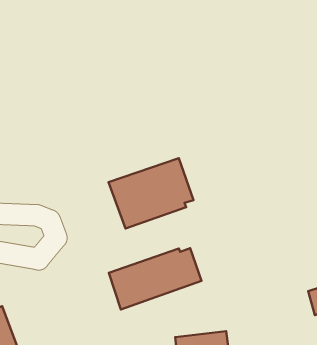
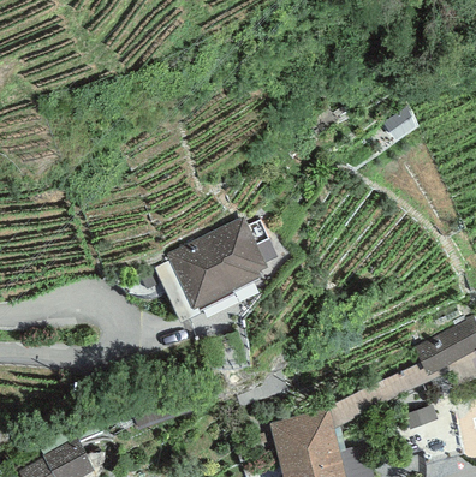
building: [109,248,202,310] -> none

